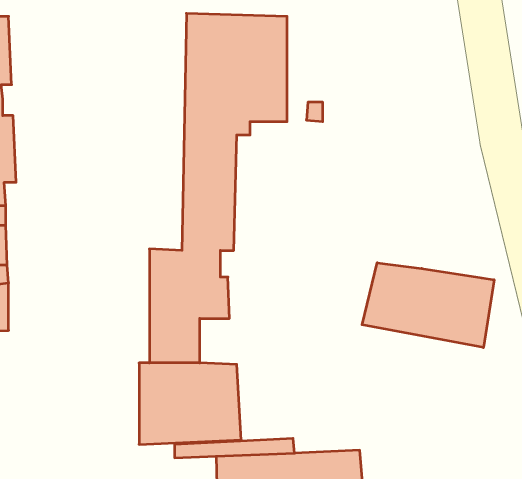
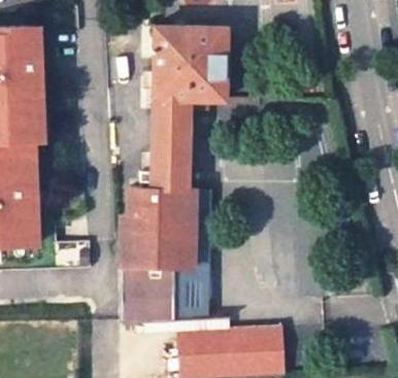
building: none -> [167,190,198,269]
building: [362,263,494,348] -> none

